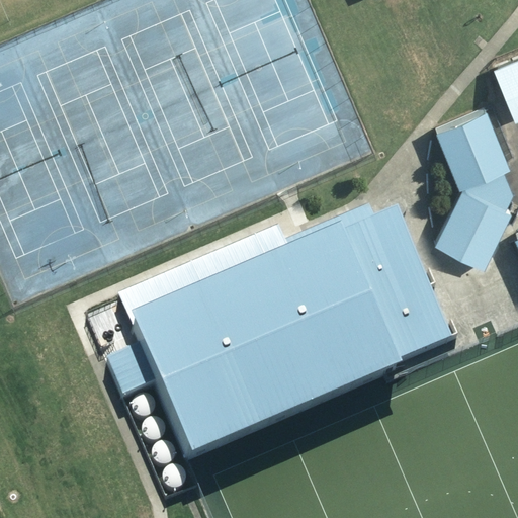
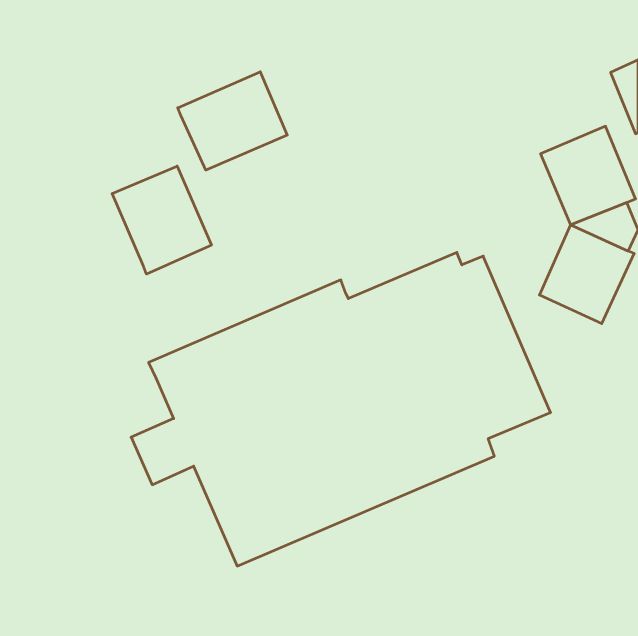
building: none -> [178,72,287,170]
building: none -> [112,166,211,274]

